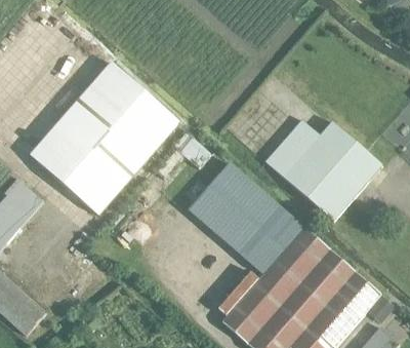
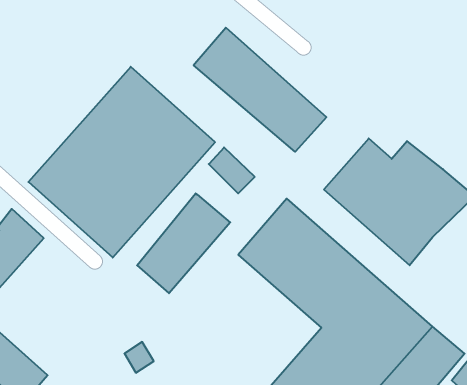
building: none -> [194,28,326,152]
building: none -> [137,193,230,293]

